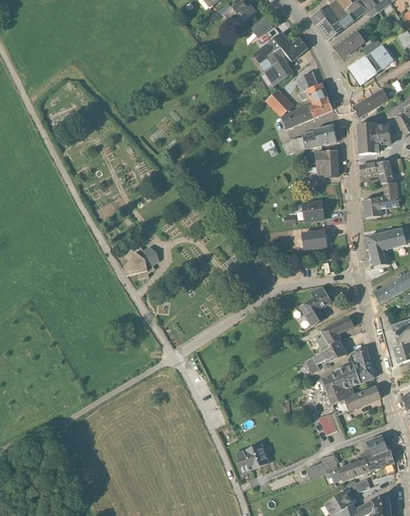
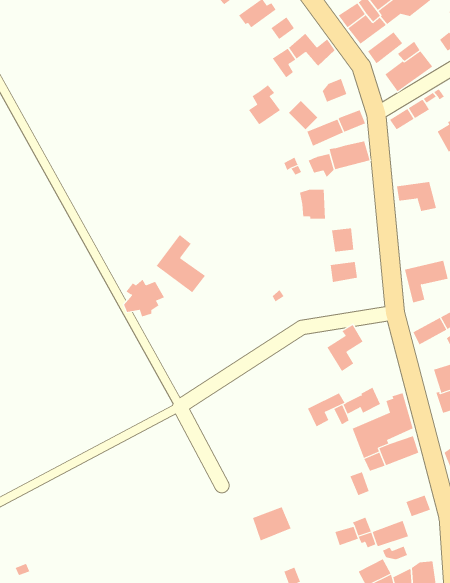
building: [264,48,292,84] -> [248,85,281,125]
building: [299,83,328,105] -> none
building: [356,122,390,155] -> none
building: [314,151,337,177] -> [299,189,326,219]
building: [363,183,400,219] -> none
building: none -> [156,234,206,293]
building: [320,314,354,345] -> [307,392,345,427]
building: [366,445,395,469] -> none

